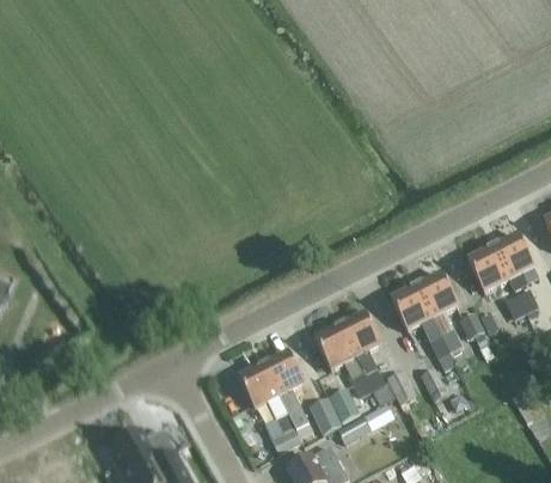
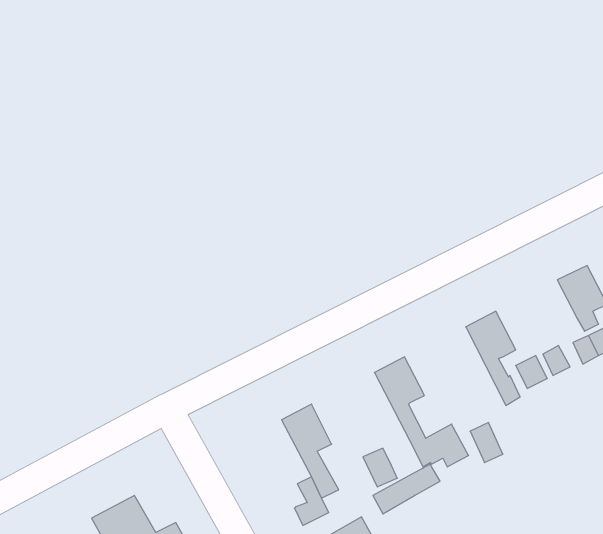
building: [467,246,509,292] -> none
building: [391,286,455,368] -> none
building: [314,324,373,396] -> none
building: [238,363,287,417] -> none
building: [310,395,344,434] -> none

